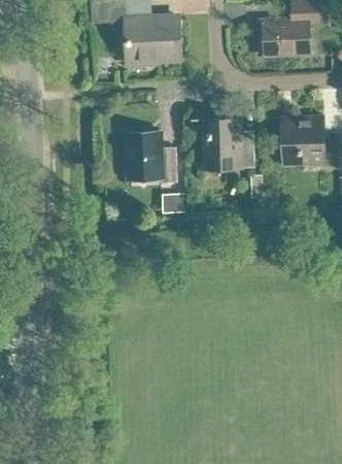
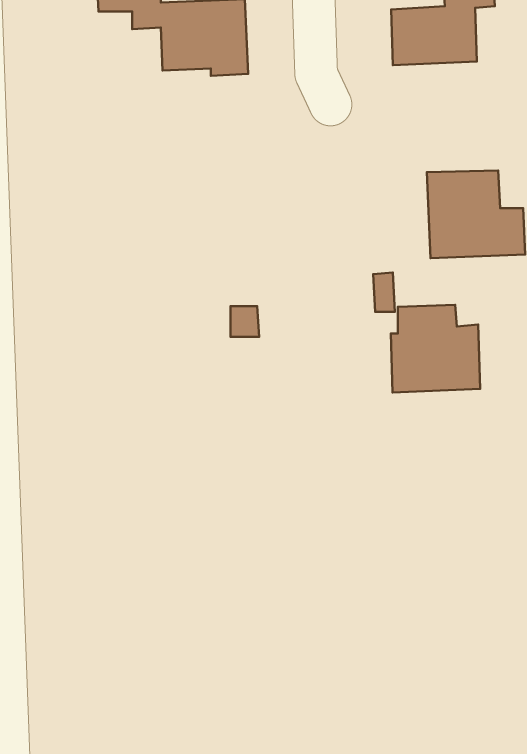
building: [203,119,254,169] -> [391,305,480,393]
building: [126,132,177,184] -> none

